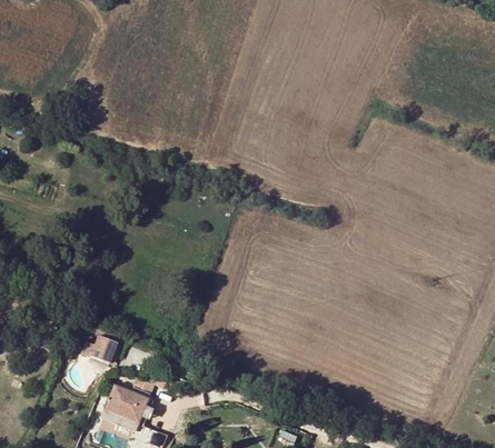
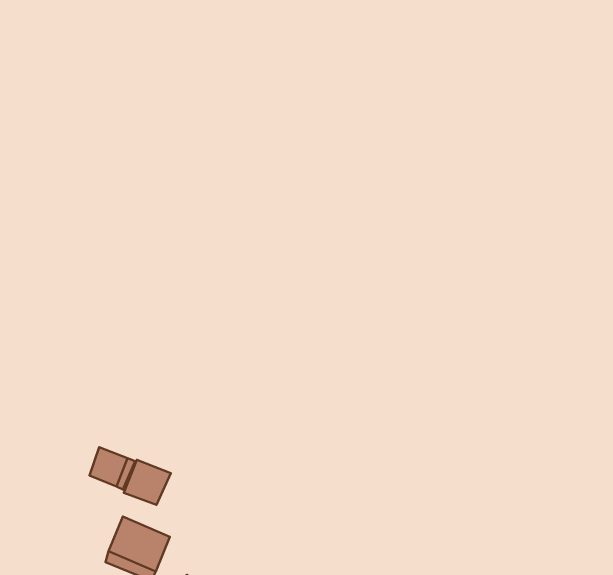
building: none -> [124,460,171,505]

